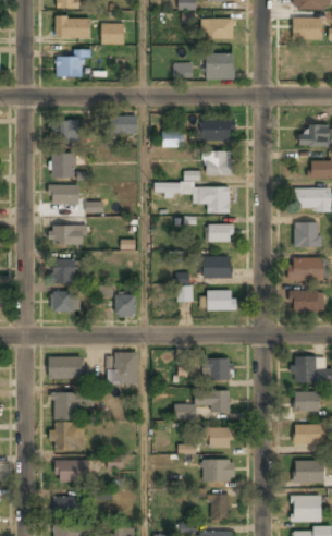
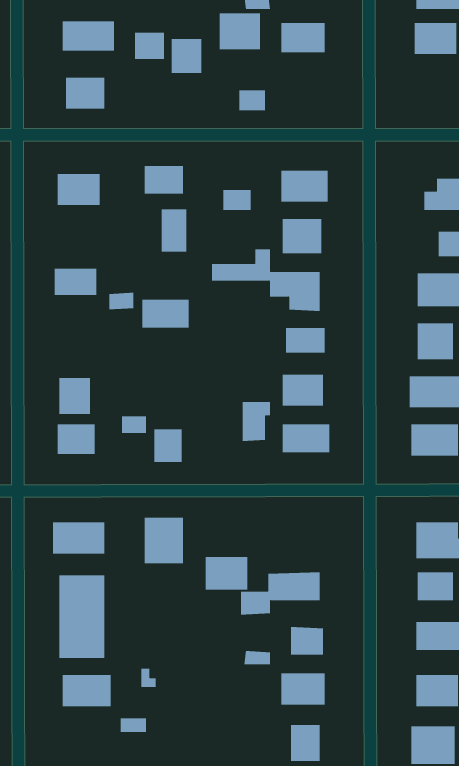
building: none -> [171,38,202,74]
building: [206,54,234,80] -> [219,13,261,50]
building: none -> [161,208,187,253]
building: [51,153,75,178] -> none
building: [50,226,83,245] -> [141,299,190,328]
building: [204,360,233,382] -> [205,556,248,590]
building: [53,497,81,515] -> none

